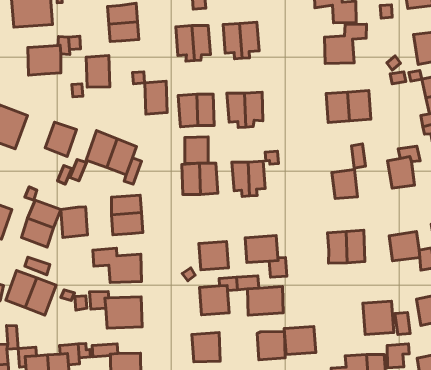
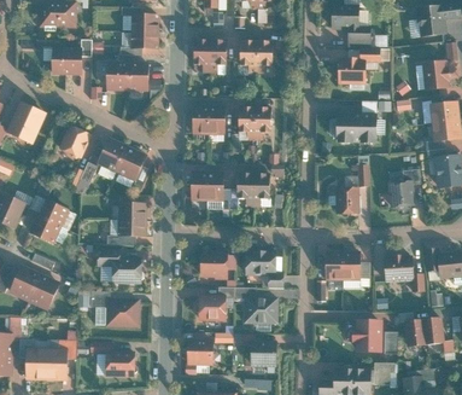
building: [145,81,167,114] -> [127,64,148,94]
building: [185,137,208,164] -> none
building: [61,207,88,238] -> none
building: [284,327,316,355] -> none

